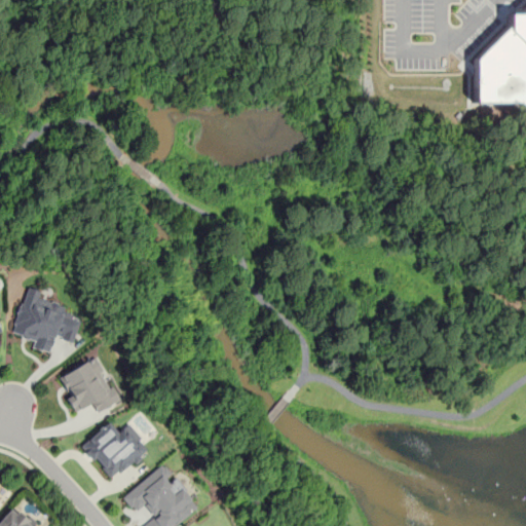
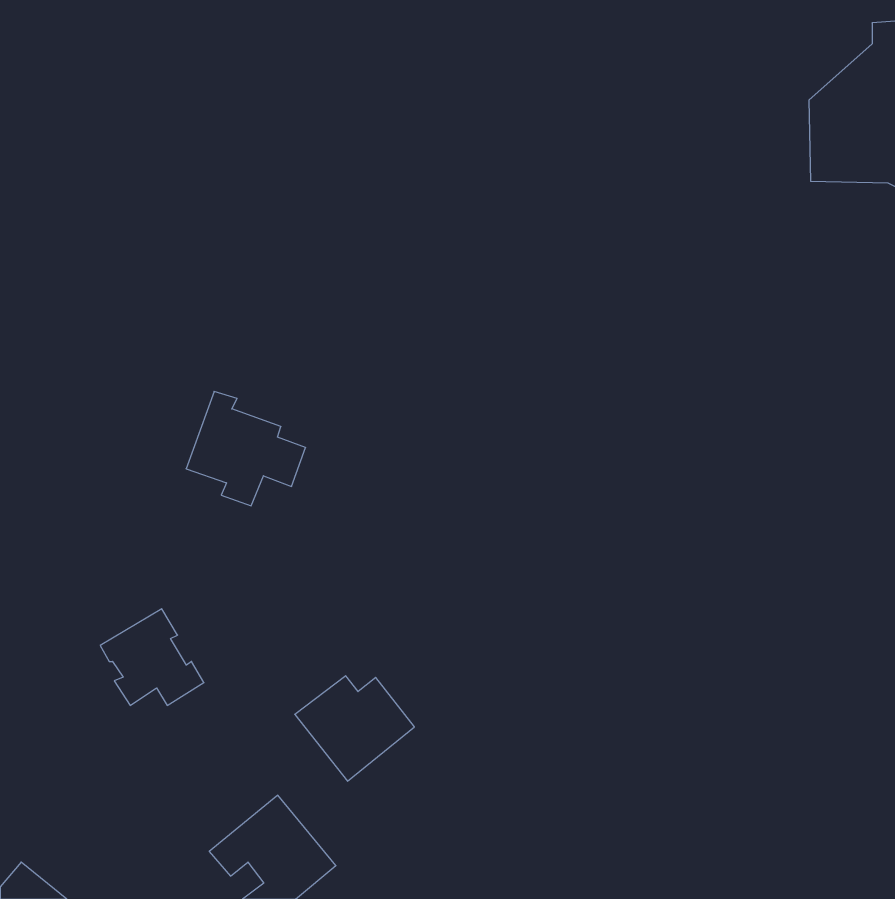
building: [12,287,82,353] -> [186,391,306,506]
building: [80,421,150,483] -> [295,676,414,781]

